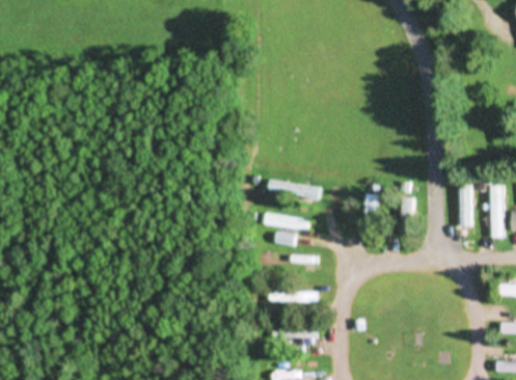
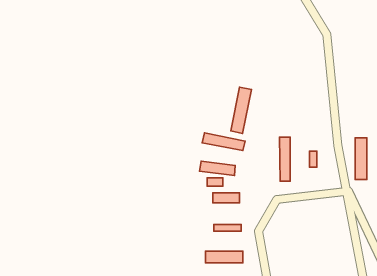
building: none -> [231,87,252,133]

